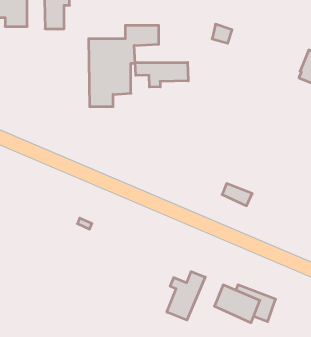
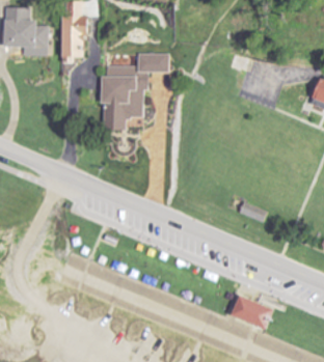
building: [135,62,188,87] -> none
building: [167,272,205,320] -> none

